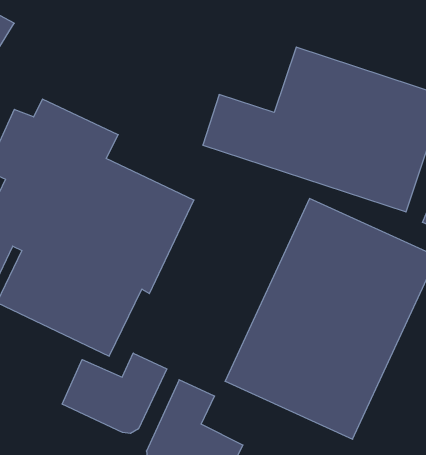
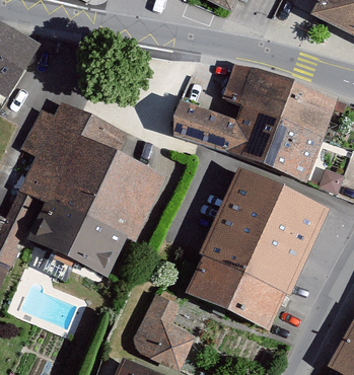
building: [62,353,167,433] -> none

